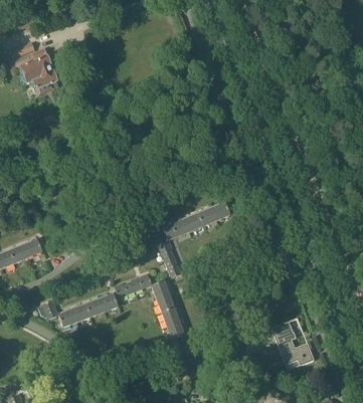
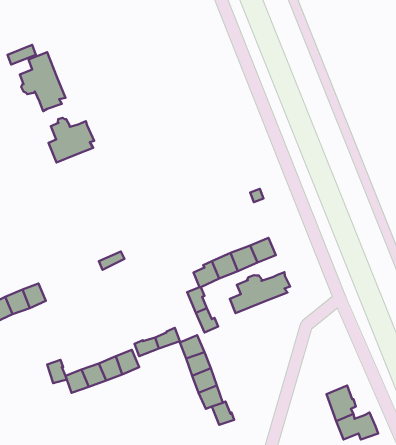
building: none -> [48,118,94,163]
building: none -> [230,272,290,313]

